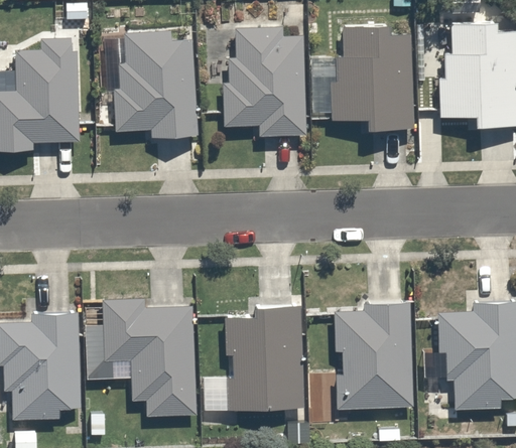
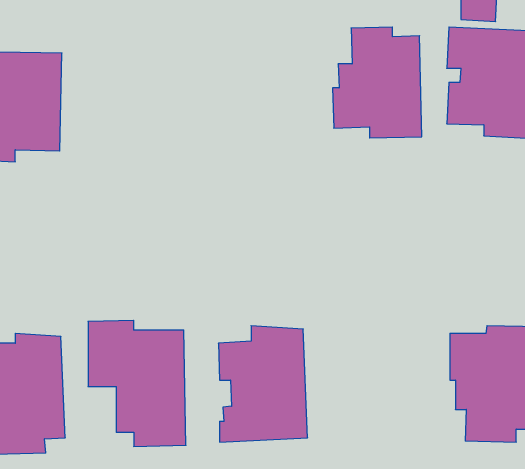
building: [222,29,305,137] -> none
building: [117,35,197,137] -> none
building: [333,299,413,409] -> none

